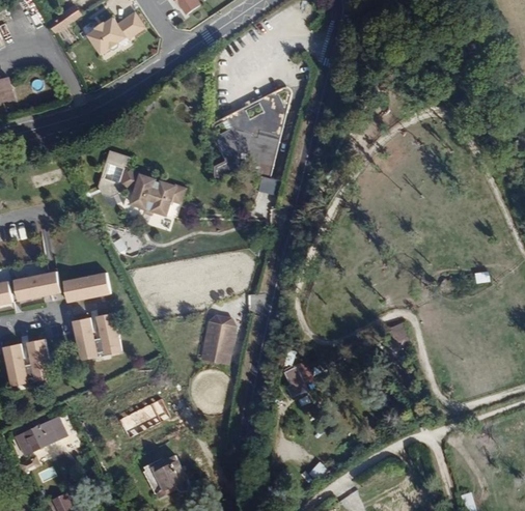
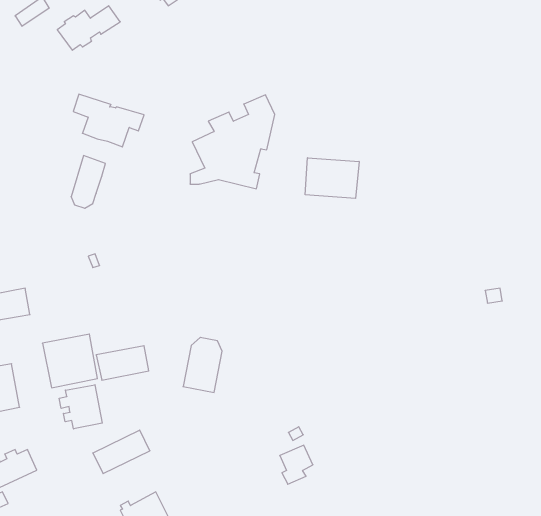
building: none -> [305,158,359,198]
building: [121,169,186,217] -> [73,94,144,147]
building: [63,272,111,303] -> [96,346,149,380]
building: none -> [59,385,102,429]
building: [285,364,315,399] -> [280,445,313,484]

